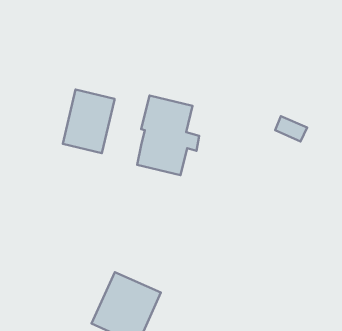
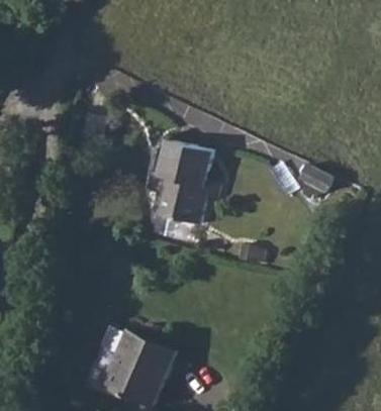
building: [63,89,115,153] -> none

